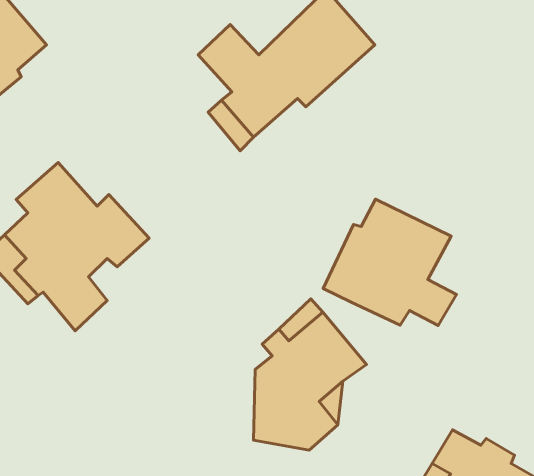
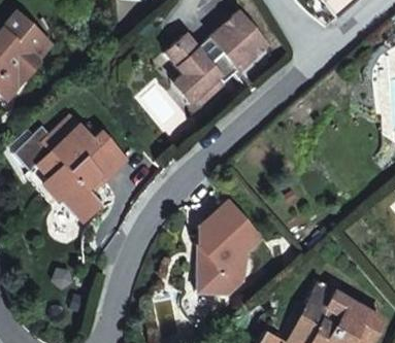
building: [323,199,456,325] -> none

